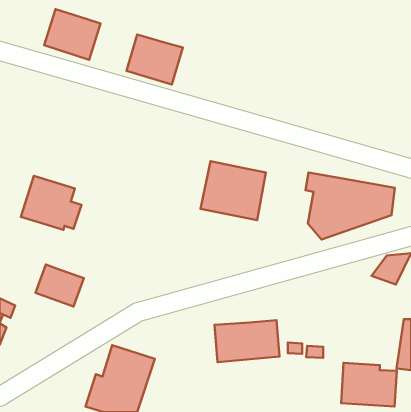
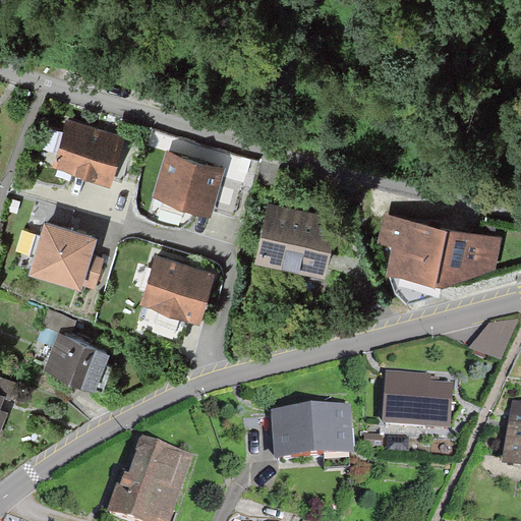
building: [44,9,101,60] -> [52,120,123,184]
building: [127,34,183,84] -> [153,151,224,214]
building: none -> [142,256,213,322]
building: [341,363,397,406] -> [384,370,454,425]

